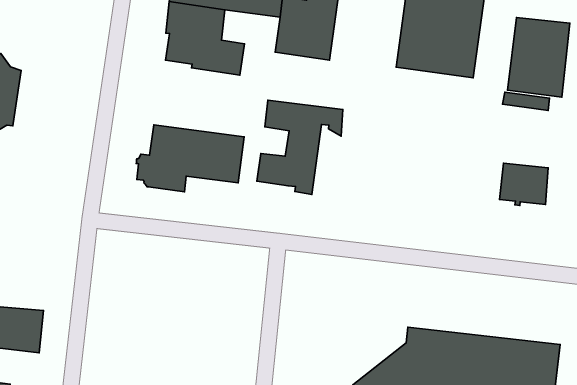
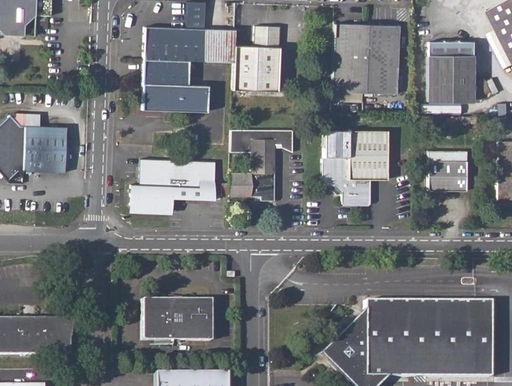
building: none -> [26,125,69,173]
building: none -> [322,127,387,203]
building: none -> [144,299,214,342]

